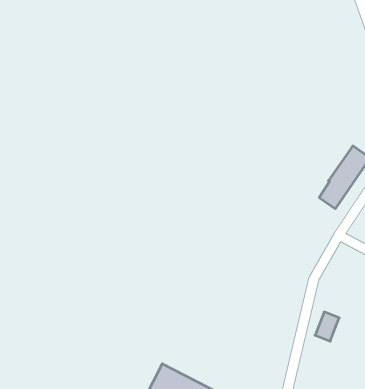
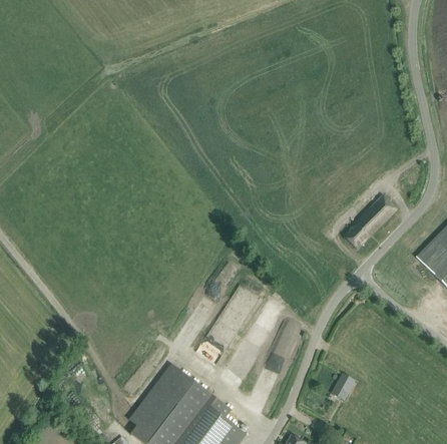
building: [315,312,339,341] -> [331,372,356,400]

